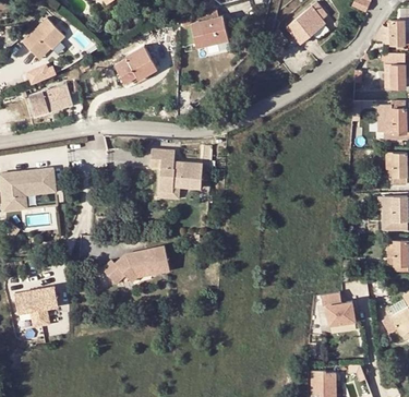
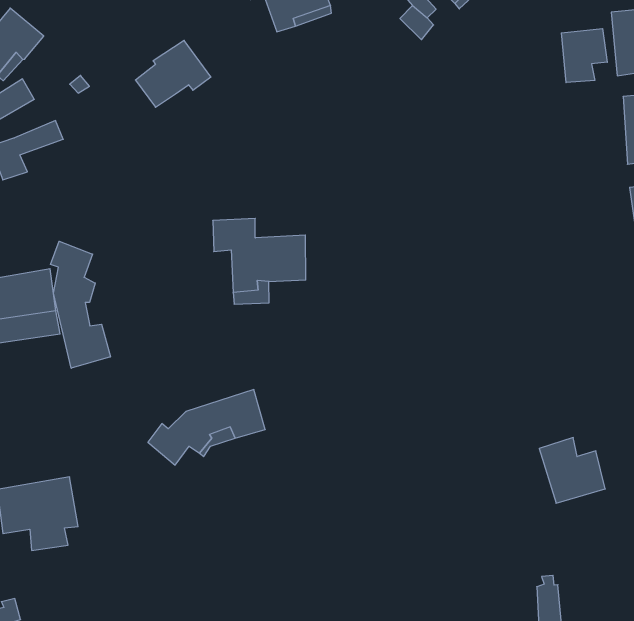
building: none -> [561,29,607,83]
building: none -> [51,241,110,368]

